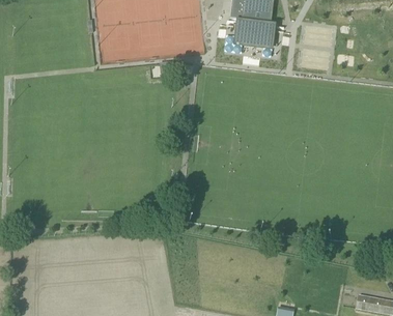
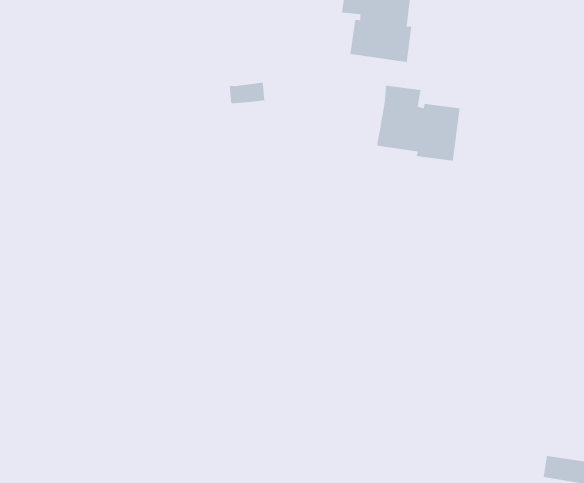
building: none -> [376,85,460,162]

